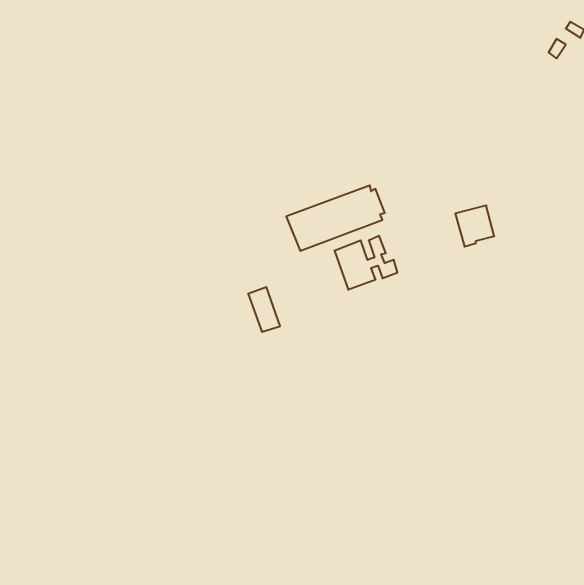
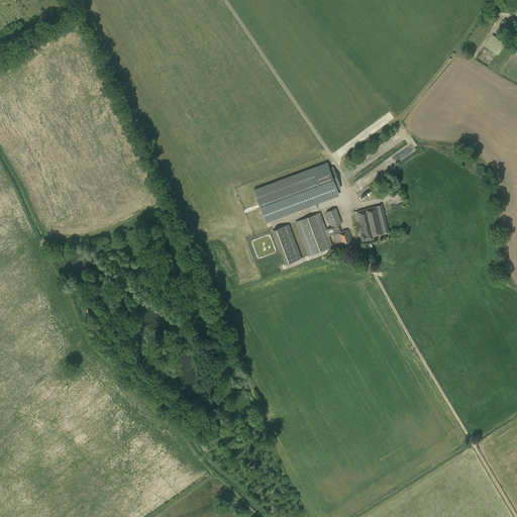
building: [455,205,494,247] -> [353,205,388,241]
building: [248,287,280,332] -> [272,224,300,264]

